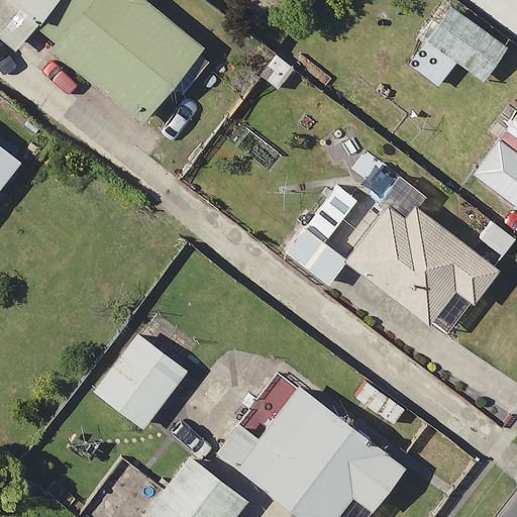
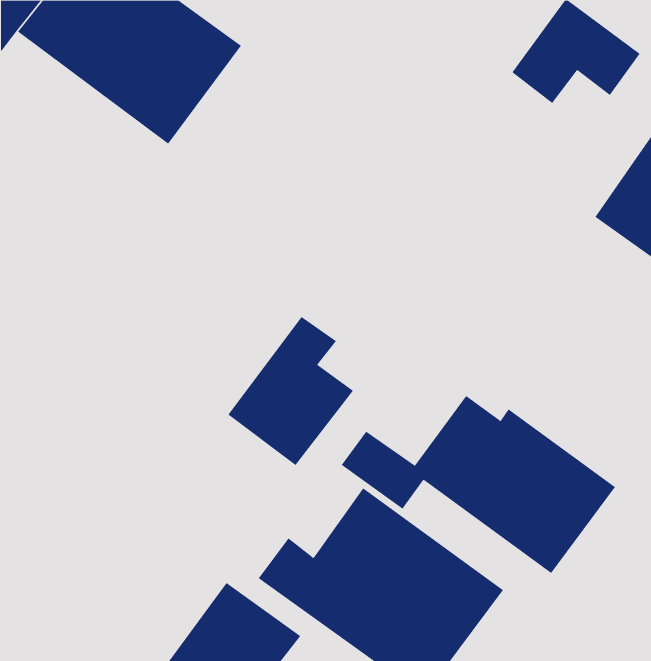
building: [287,199,498,336] -> [341,395,616,574]
building: [92,314,189,429] -> [228,316,354,466]

